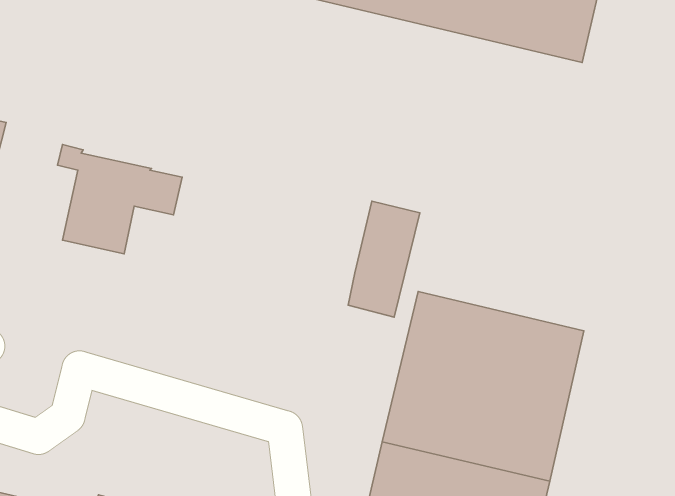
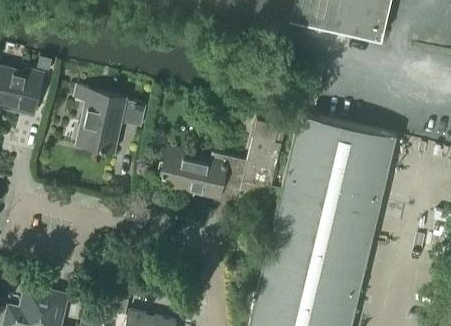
building: none -> [284,113,395,196]
building: none -> [159,152,247,197]

